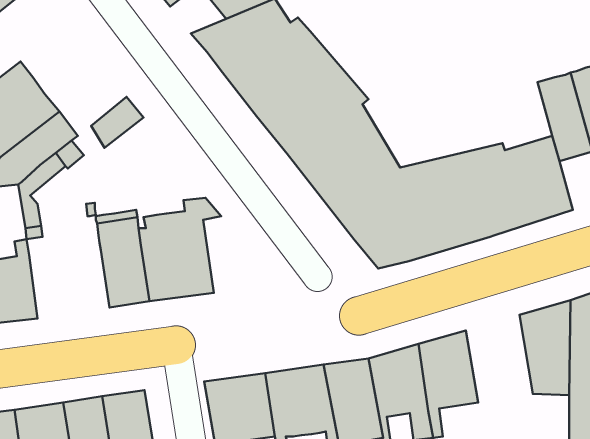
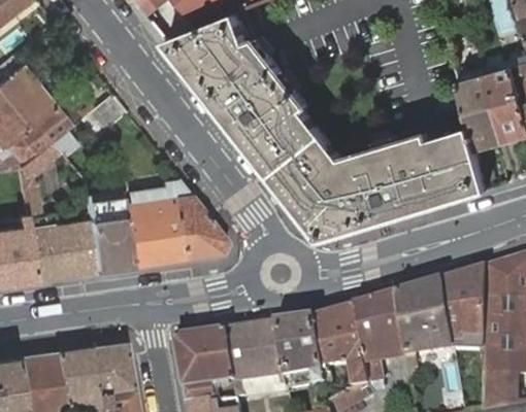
building: none -> [173,196,225,261]
building: none -> [26,218,94,282]
building: none -> [396,279,453,353]

